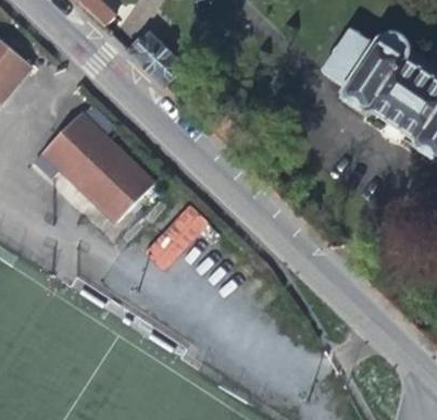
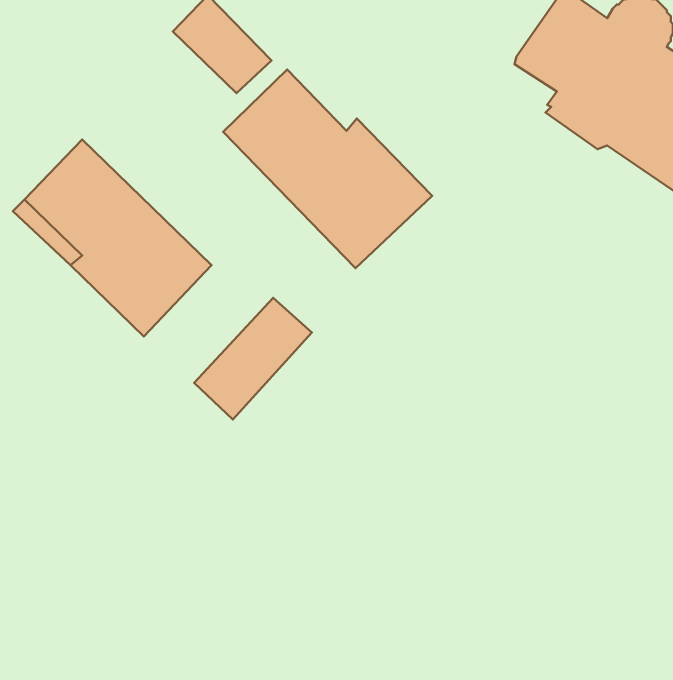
building: none -> [223,70,432,268]

